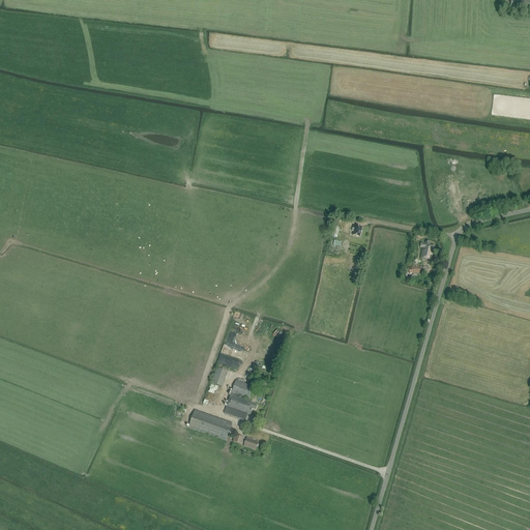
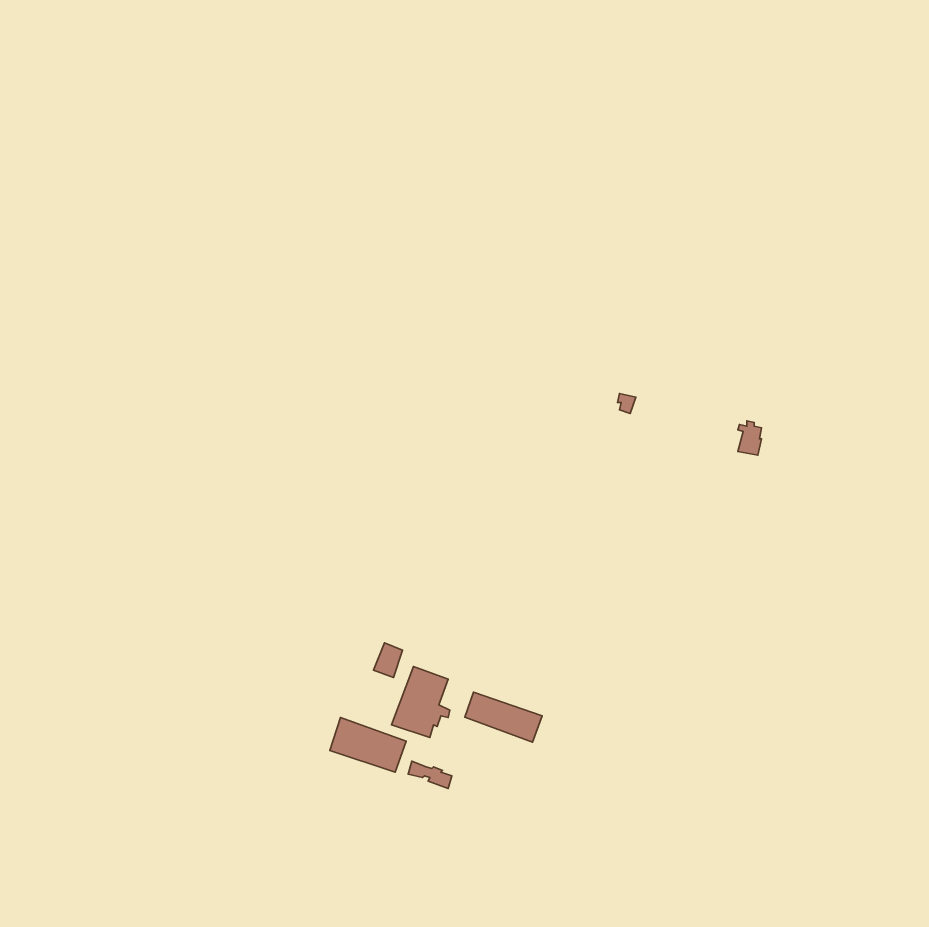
building: none -> [465,692,542,742]

